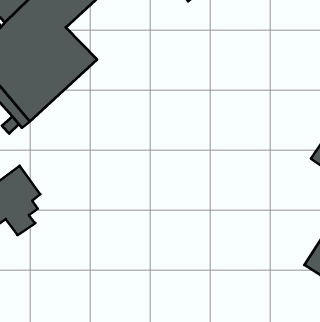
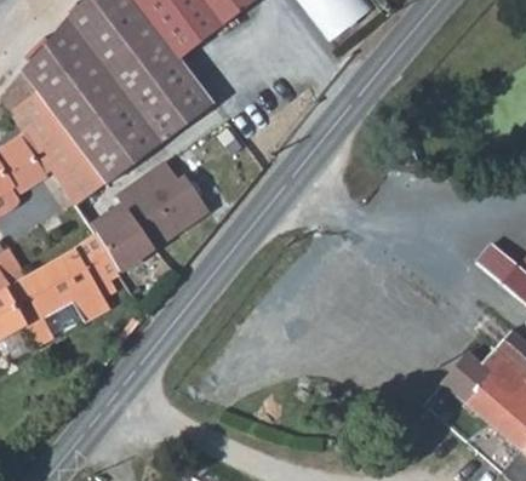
building: none -> [97,173,207,271]

